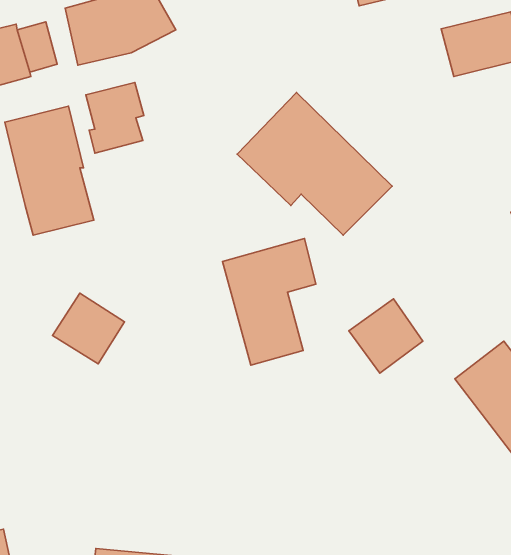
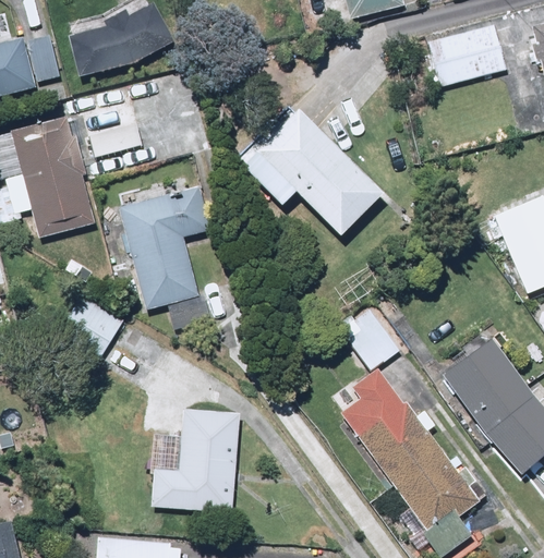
building: [222,239,316,365] -> [120,186,209,307]
building: none -> [341,366,476,534]
building: none -> [149,411,239,513]

